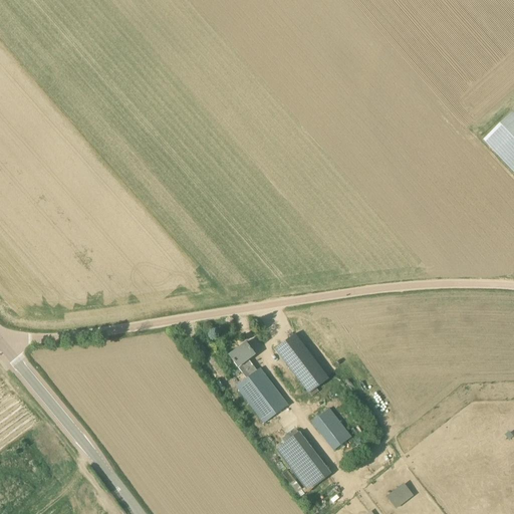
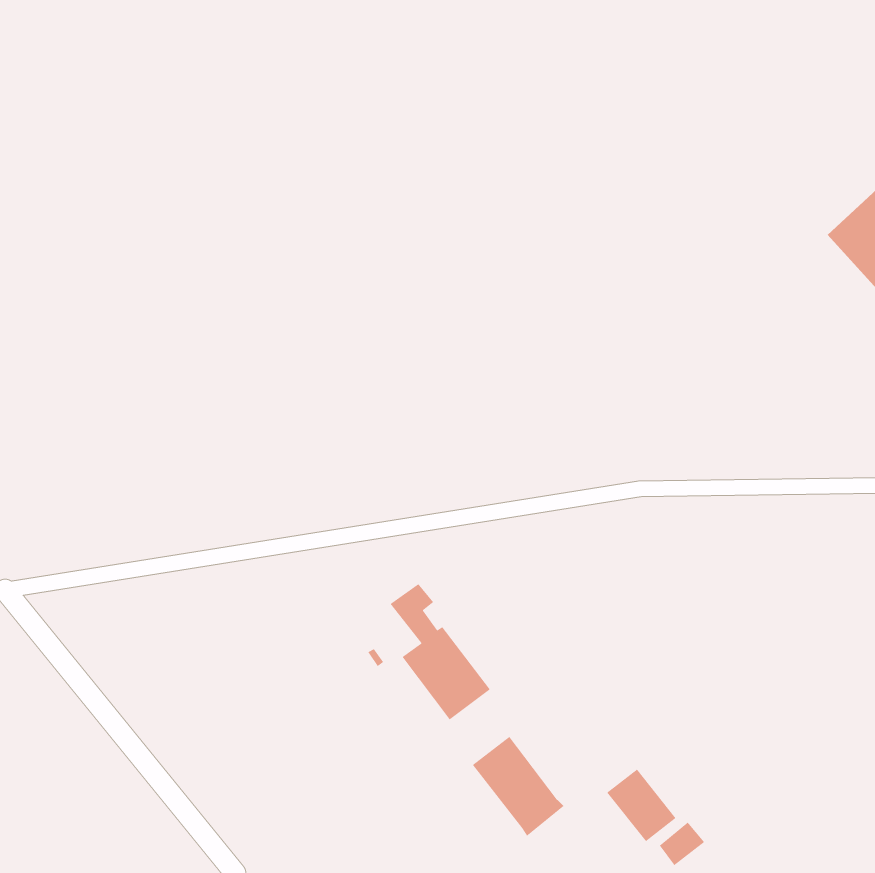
building: [276,332,329,392] -> none
building: [311,406,352,449] -> [606,768,677,842]

